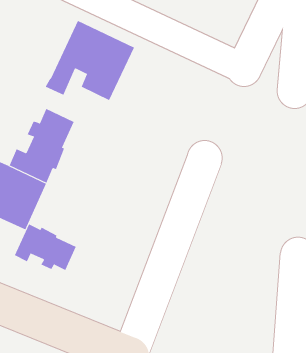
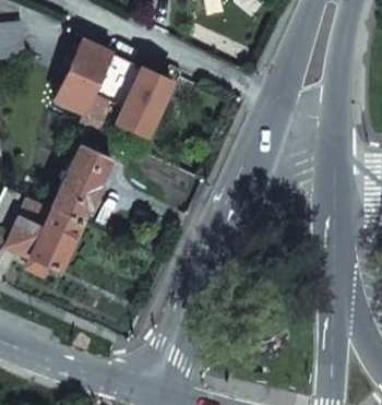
building: none -> [57,39,114,114]
building: [14,223,76,271] -> none

